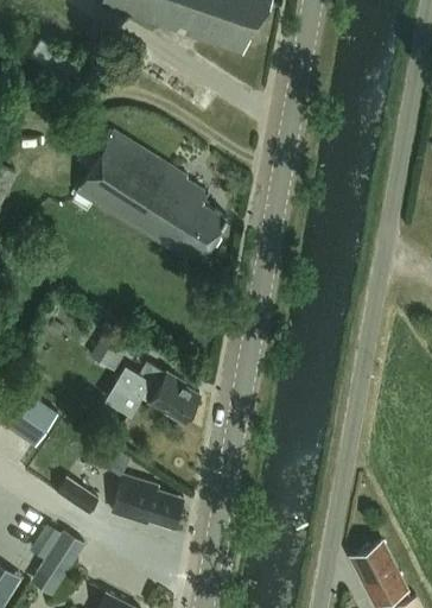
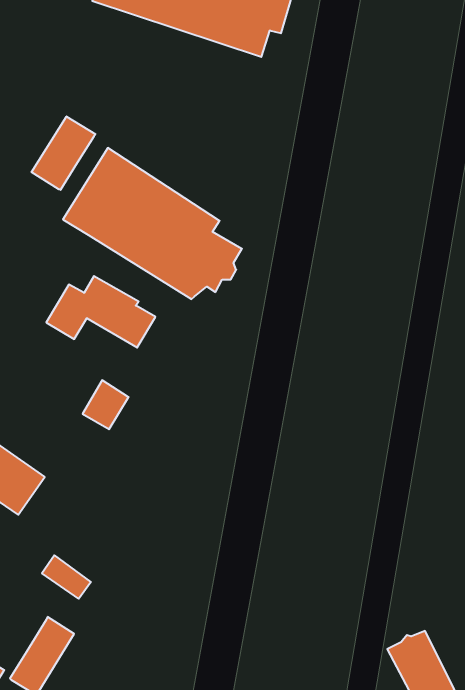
building: none -> [32,116,95,190]
building: [107,361,199,422] -> [46,276,155,348]
building: [113,476,183,528] -> none

